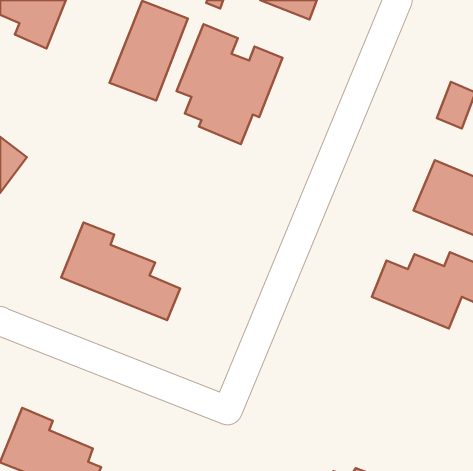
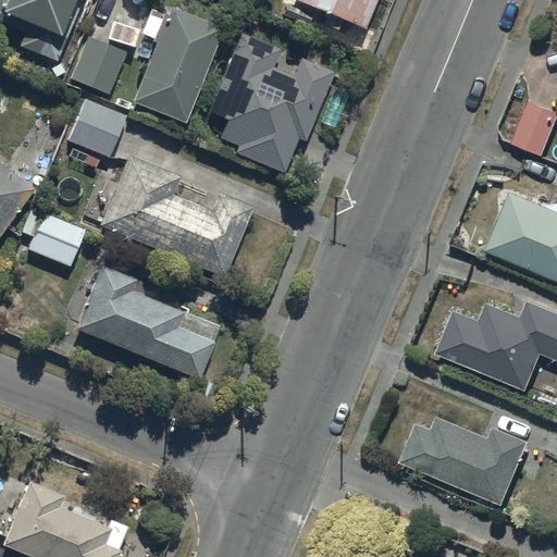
building: none -> [71,37,125,95]
building: none -> [69,100,126,158]
building: none -> [98,154,252,277]
building: none -> [28,213,84,267]
building: none -> [401,416,530,505]

